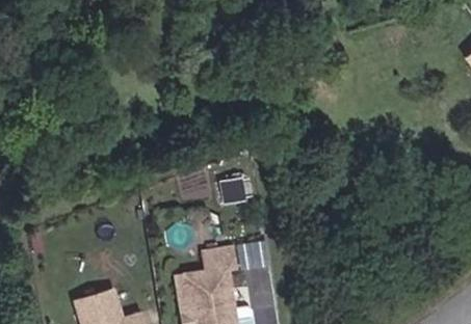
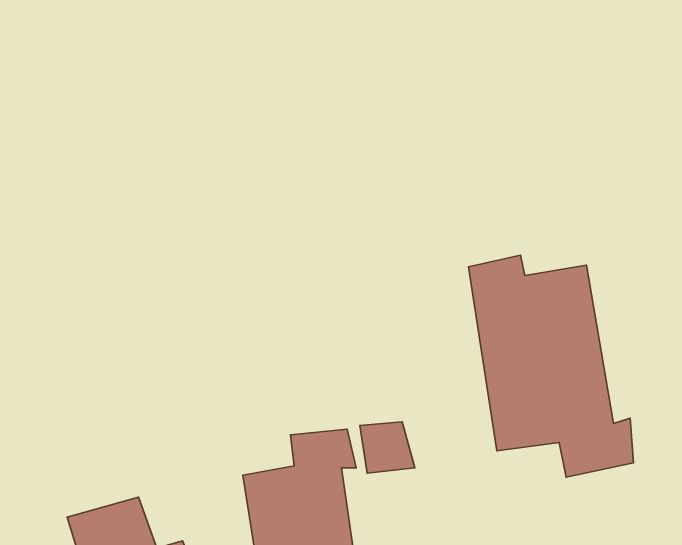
building: none -> [469,255,633,477]

